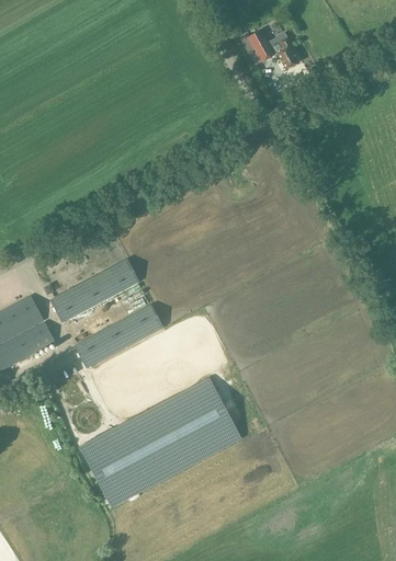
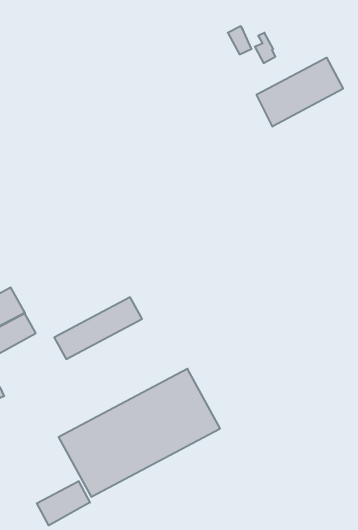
building: none -> [257,58,343,127]
building: [49,259,138,321] -> none
building: none -> [37,481,90,525]

